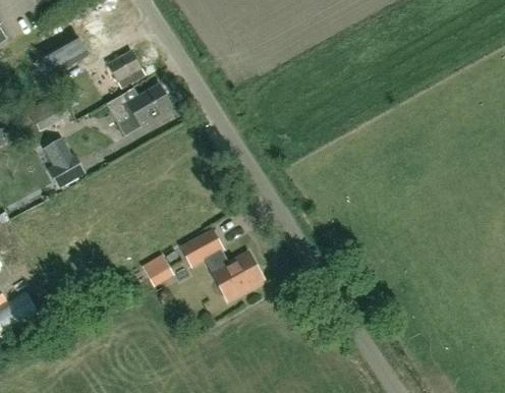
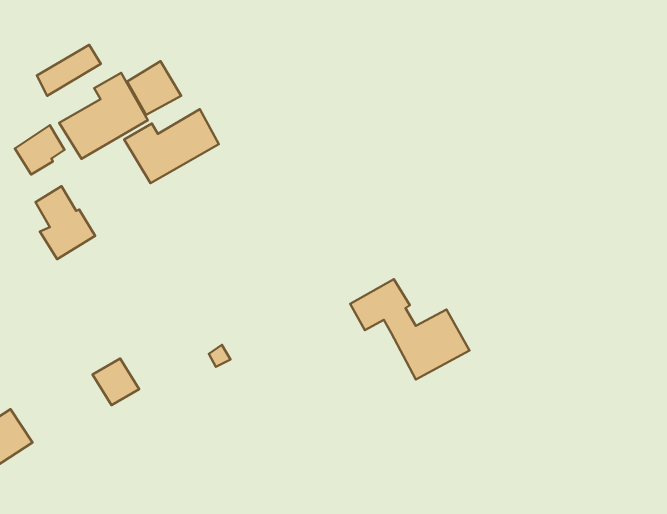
building: none -> [59,73,148,159]
building: [181,230,265,300] -> [350,279,470,380]
building: [142,254,174,286] -> [92,358,139,405]

